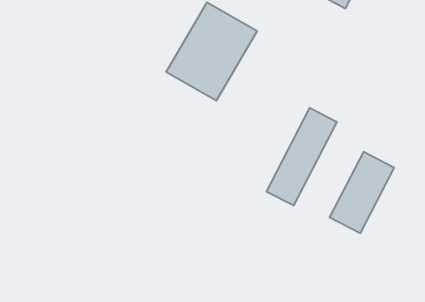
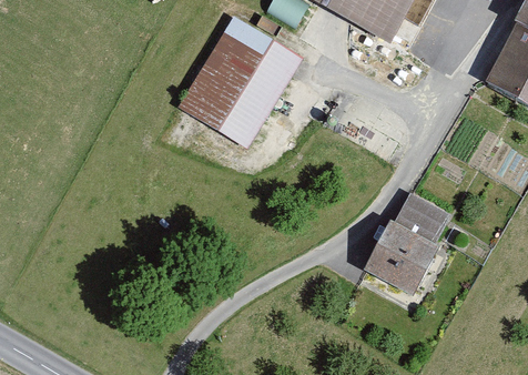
building: [266,108,337,206] -> none

